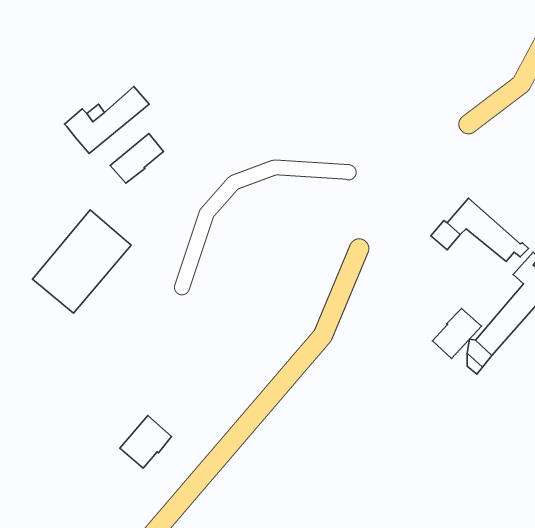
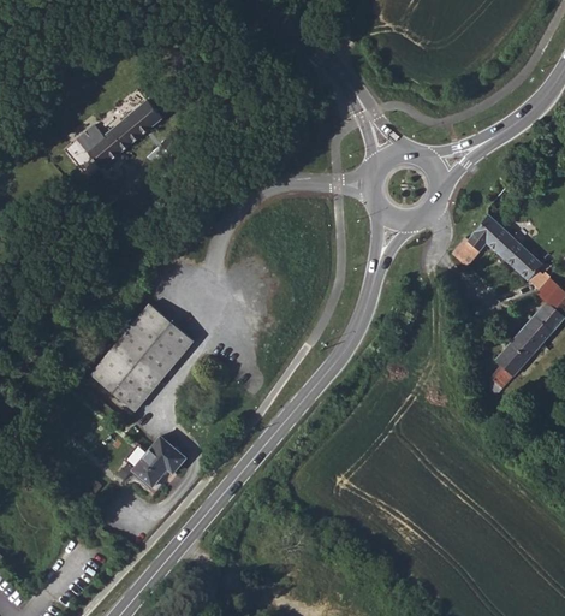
building: [110,134,163,183] -> none
building: [33,210,131,313] -> [90,304,191,410]
building: [432,309,482,359] -> none

